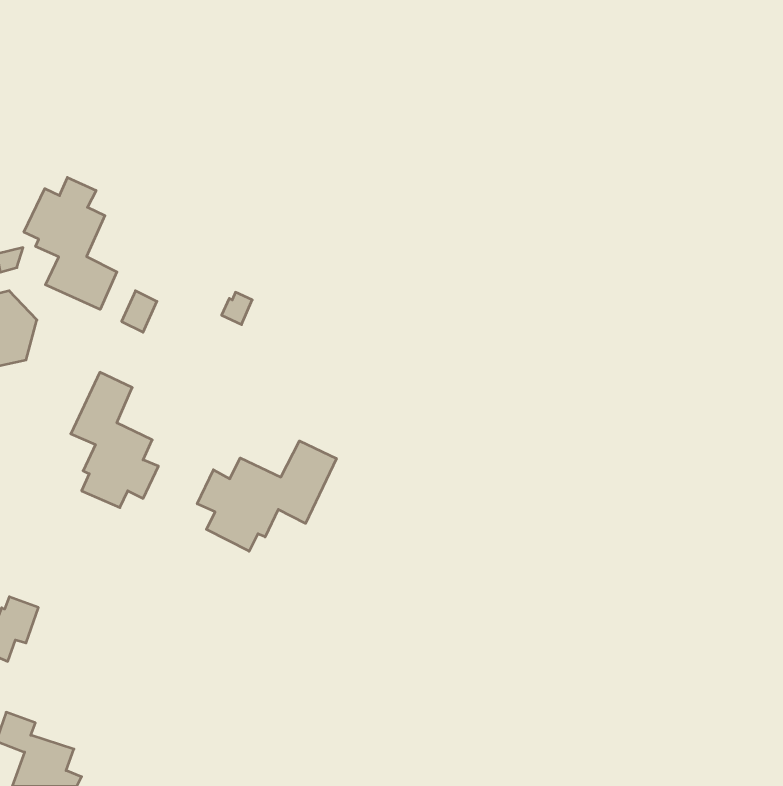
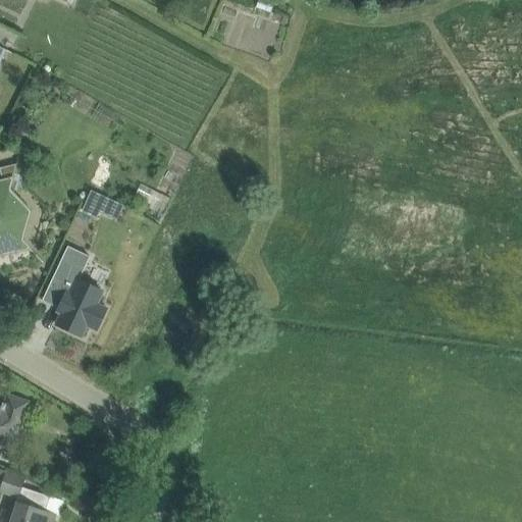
building: [24,177,117,309] -> none
building: [197,441,336,551] -> none

